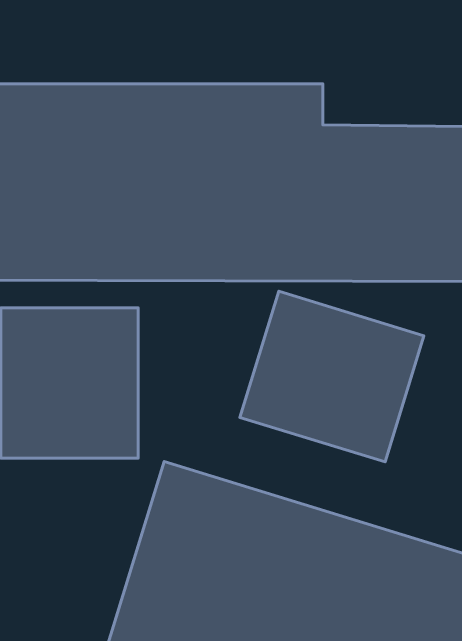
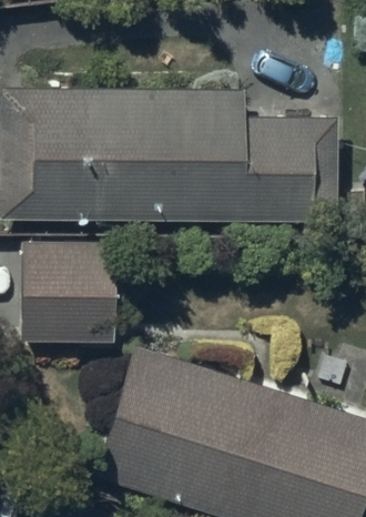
building: [240,291,424,462] -> none

